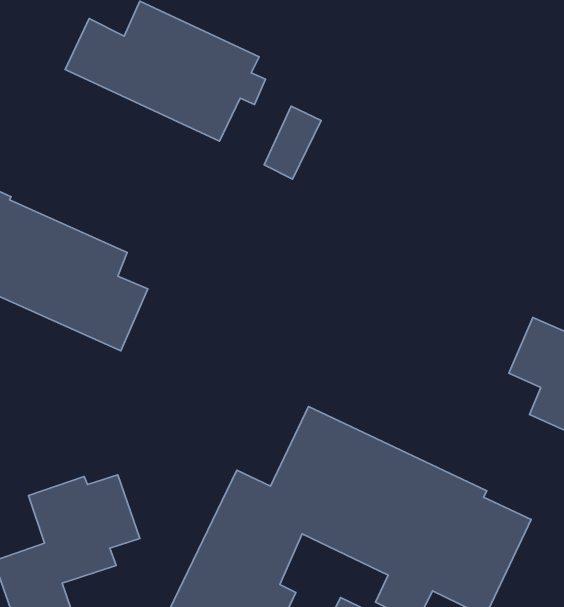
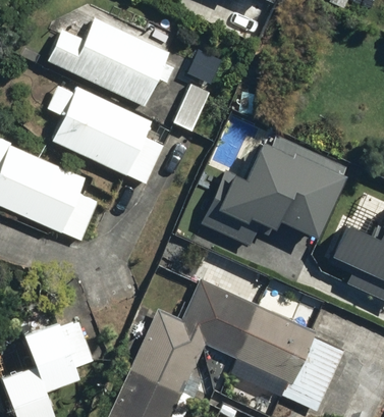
building: none -> [47,86,164,186]
building: none -> [218,137,348,239]

